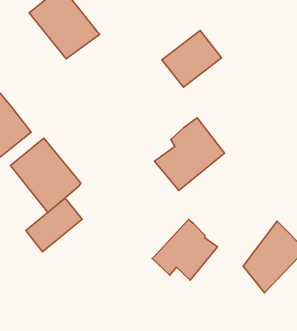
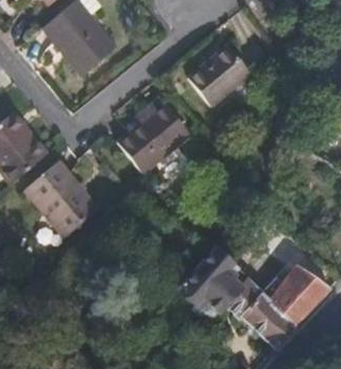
building: [154,118,225,190] -> [114,97,189,174]
building: [26,198,82,252] -> none
building: none -> [215,278,294,349]

